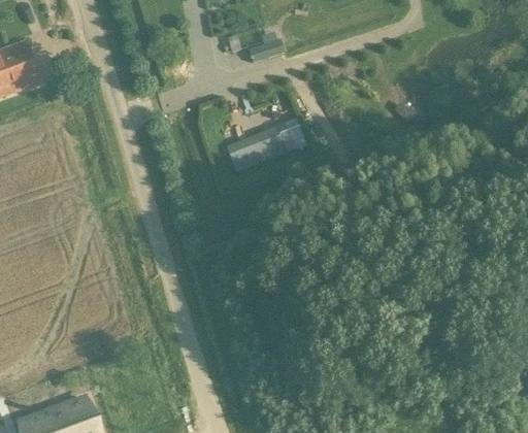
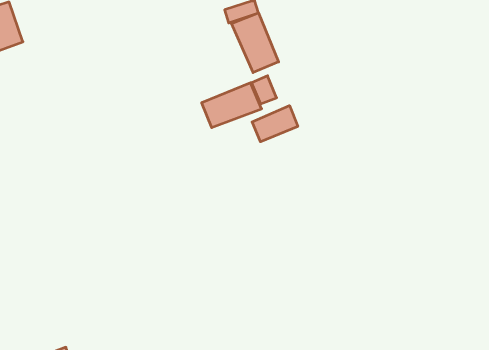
building: none -> [232,13,279,73]
building: none -> [252,106,298,142]

